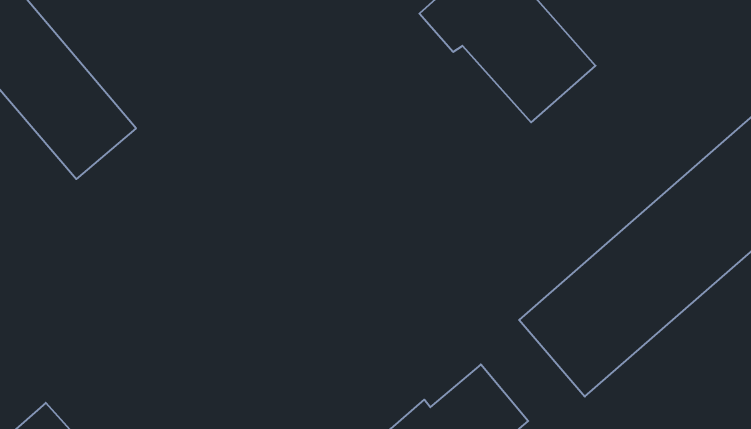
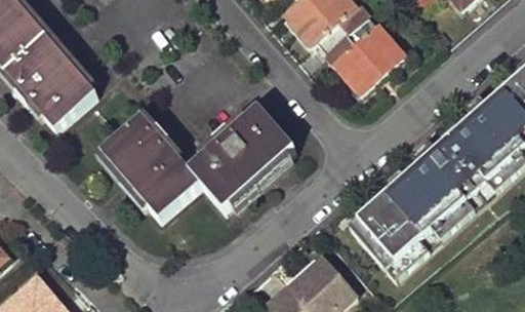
building: none -> [99,109,293,219]

